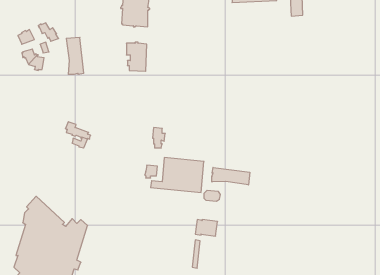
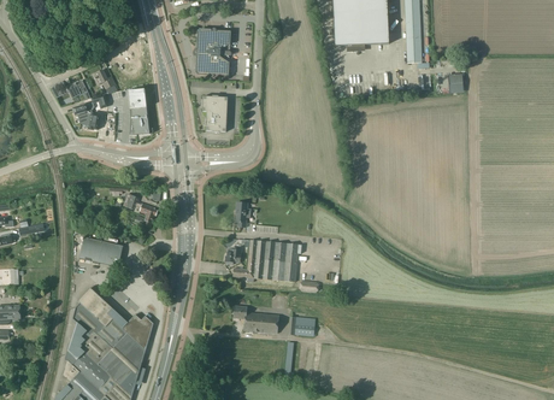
building: none -> [79,235,123,265]
building: [212,167,250,185] -> none
building: none -> [234,305,278,333]

